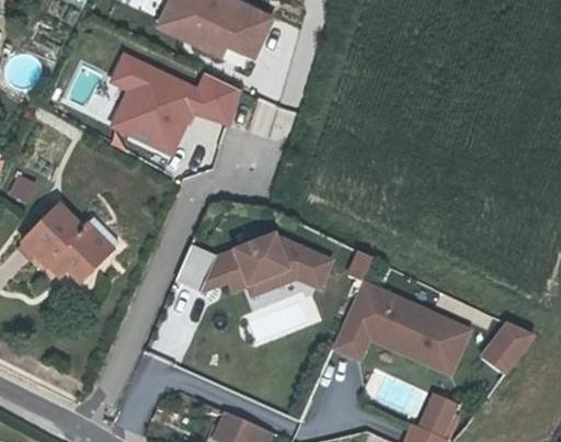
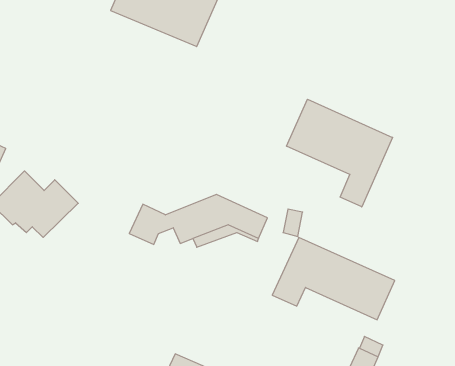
building: [106,53,242,155] -> none
building: none -> [287,99,393,207]
building: [478,318,530,375] -> none

